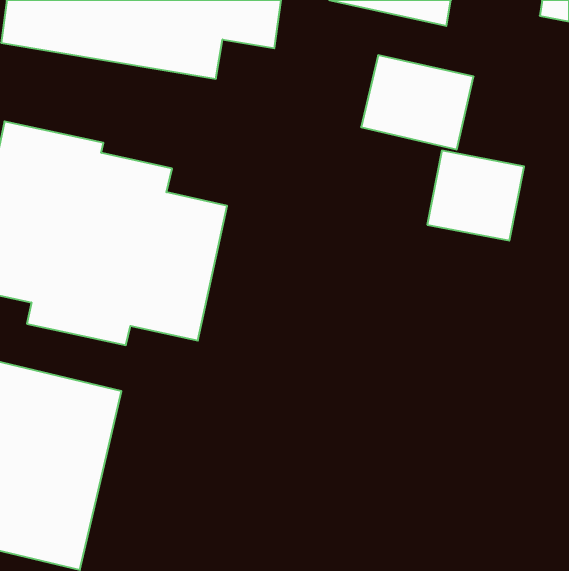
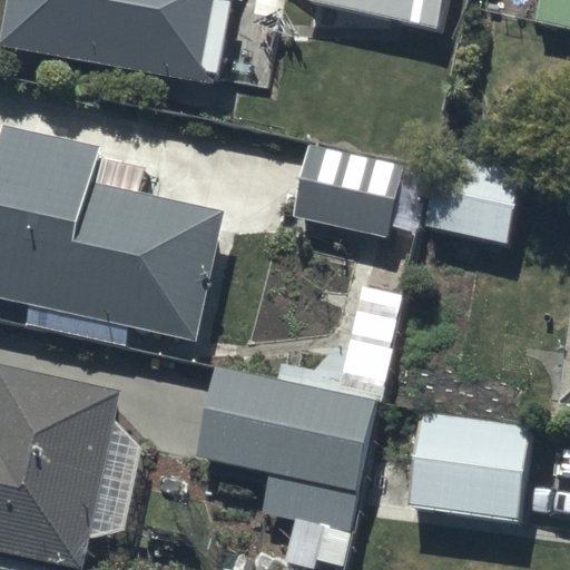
building: [361,55,474,150] -> [291,144,402,237]
building: none -> [197,366,376,530]
building: none -> [409,412,535,521]

